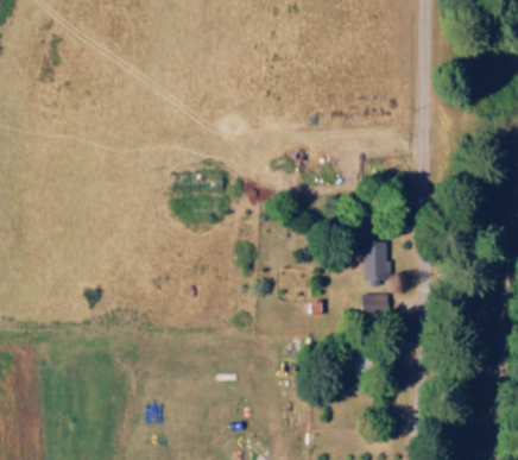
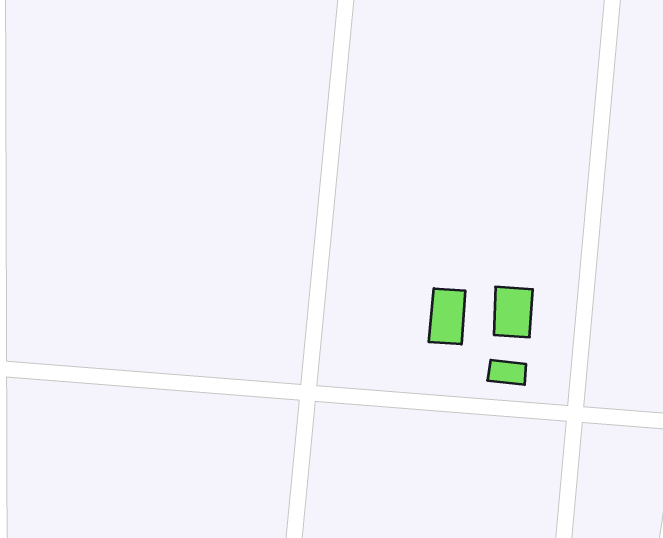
building: none -> [429,288,465,344]

